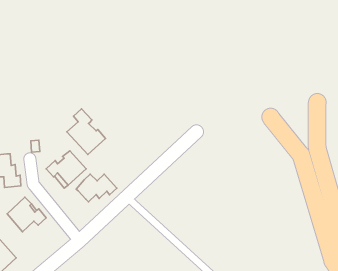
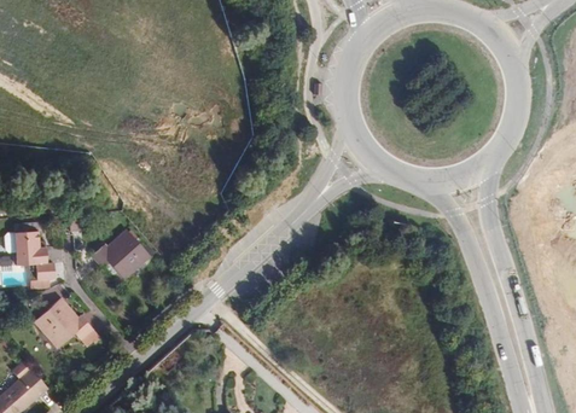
building: [67,109,106,155] -> none
building: [76,174,117,202] -> none

